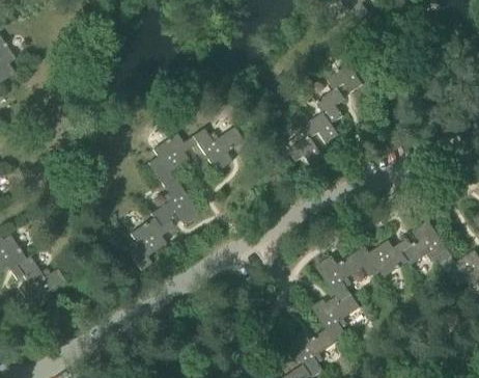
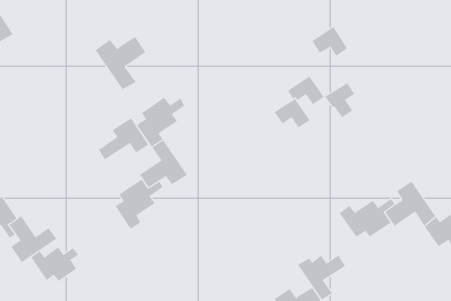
building: none -> [95,36,146,90]
building: [314,87,345,124] -> [325,83,355,118]
building: [192,126,244,171] -> none
building: none -> [98,117,149,160]
building: [315,253,364,304] -> none
building: none -> [30,247,79,282]

